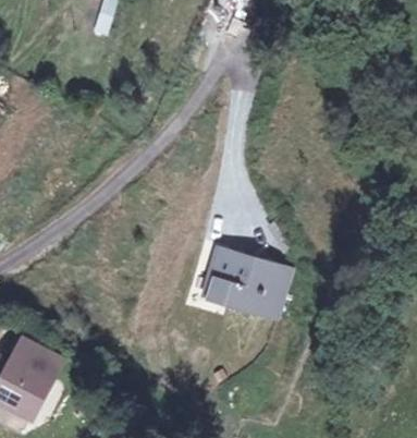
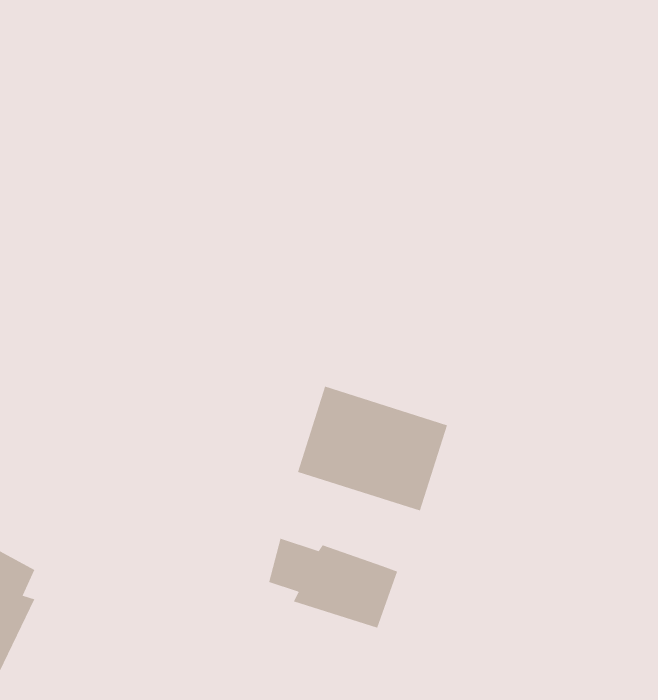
building: none -> [269,538,398,629]

